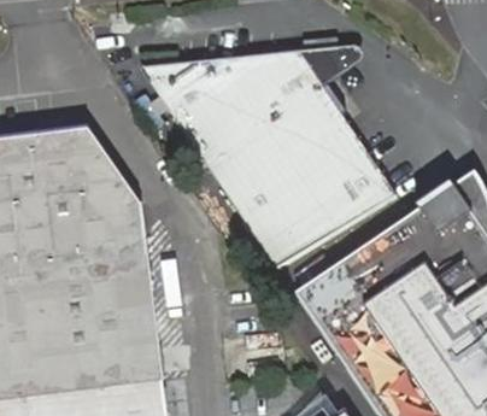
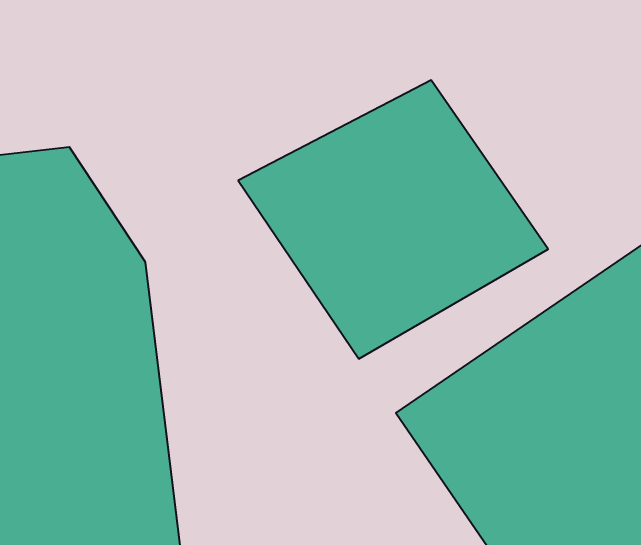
building: [141,43,364,148] -> none

